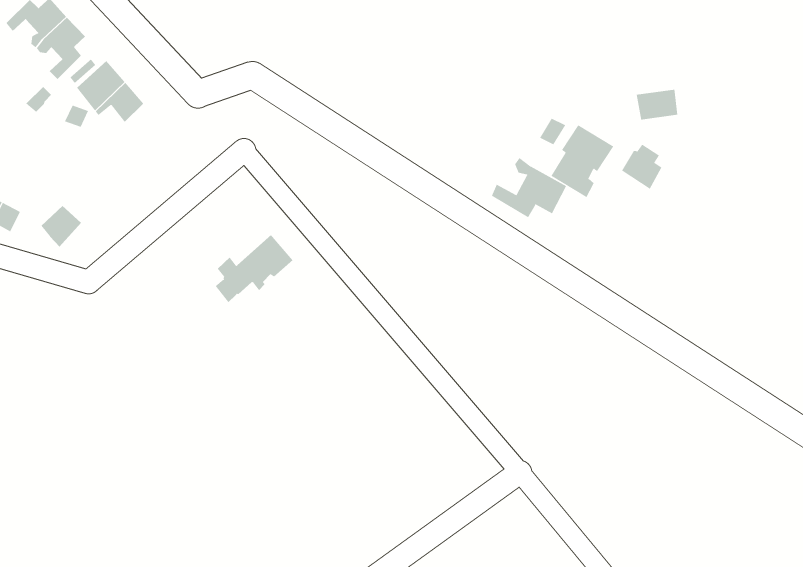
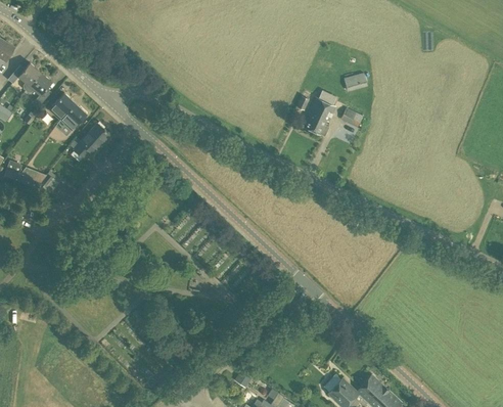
building: [491,157,567,218] -> none
building: [215,234,294,303] -> [71,124,110,163]

